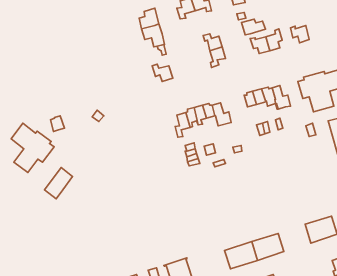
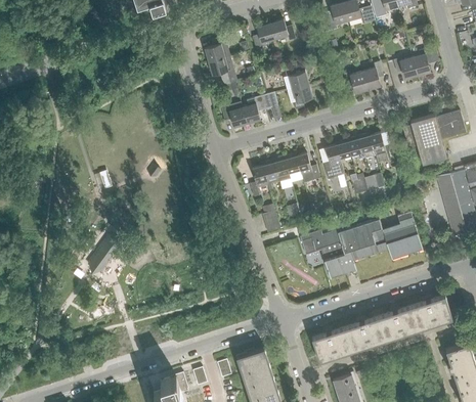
building: none -> [412,47,437,76]
building: [242,19,265,35] -> none
building: none -> [241,93,276,124]
building: none -> [322,145,343,180]
building: [11,123,54,172] -> none
building: none -> [299,212,421,280]
building: none -> [377,306,418,340]

